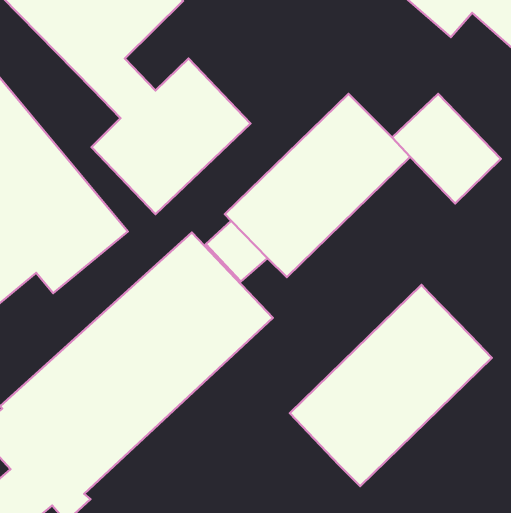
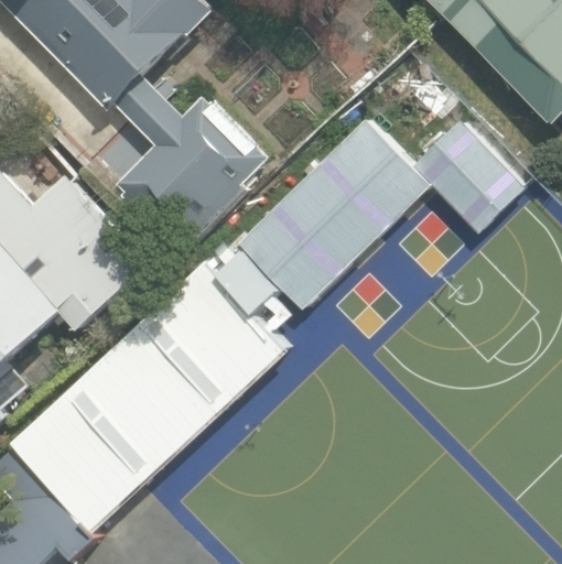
building: [290,285,492,486] -> none

